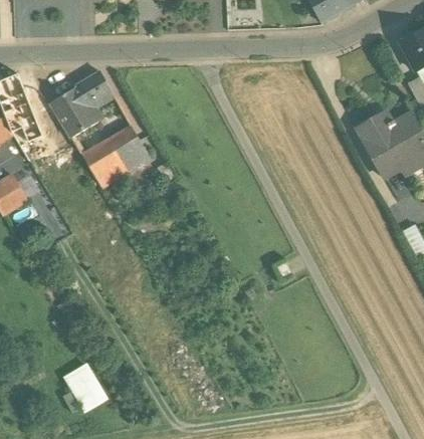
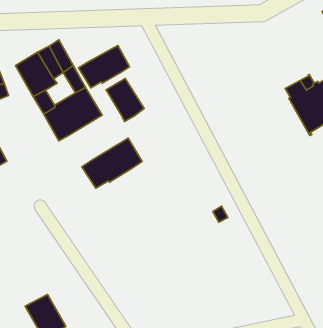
building: none -> [79,45,130,88]
building: none -> [106,78,144,122]
building: none -> [82,138,142,188]

